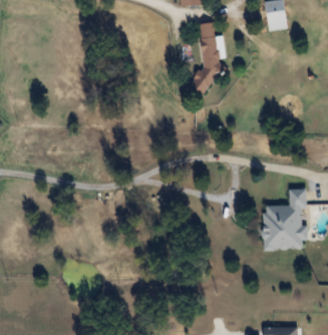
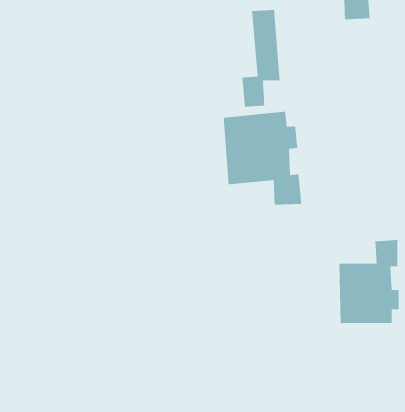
building: none -> [223,111,302,206]

